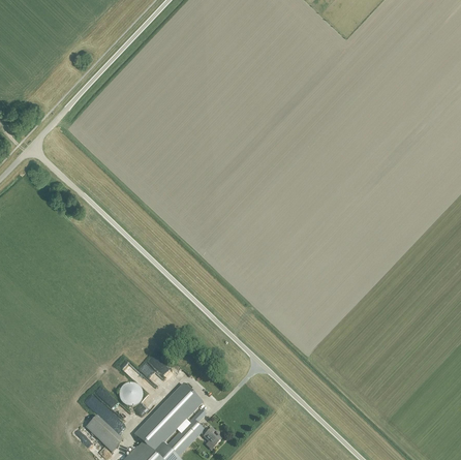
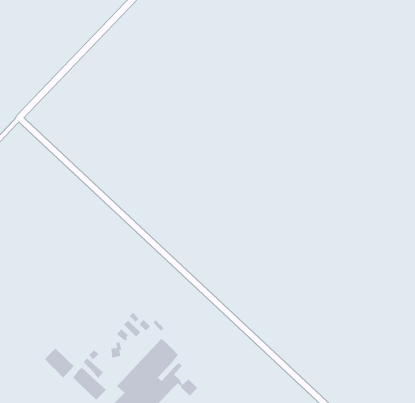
building: none -> [44,348,75,379]

